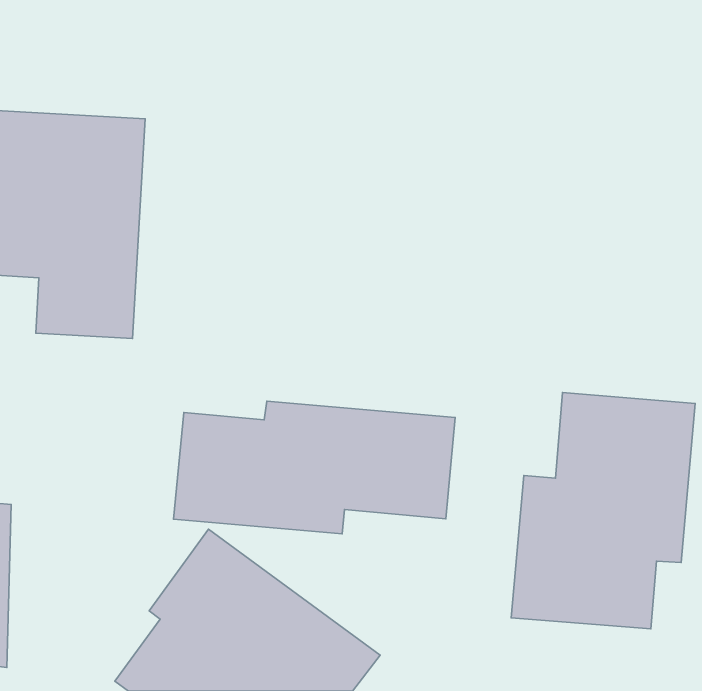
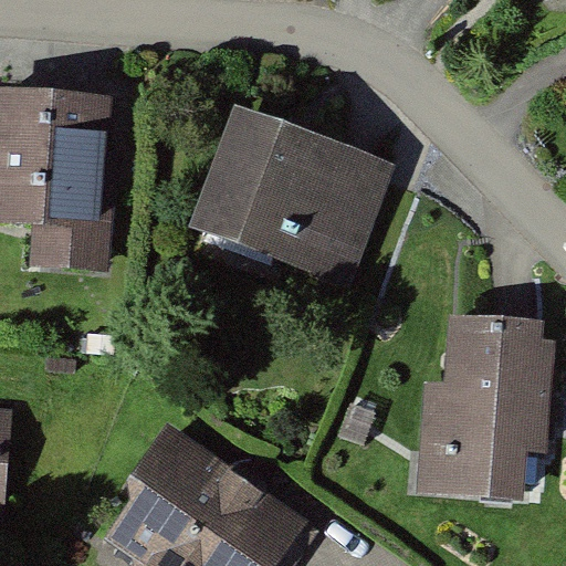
building: none -> [193,108,389,277]
building: [173,401,455,534] -> none

